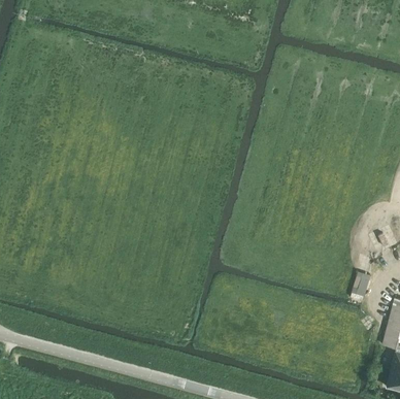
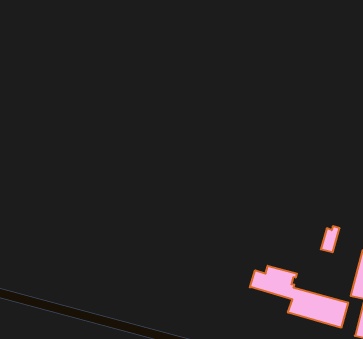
building: none -> [250,266,348,328]

